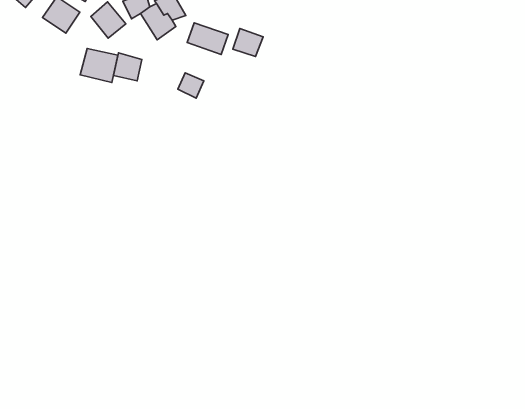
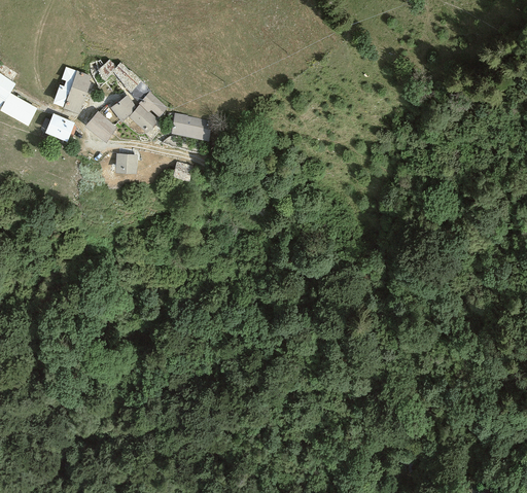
building: [233,28,263,57] -> none
building: [80,49,118,83] -> none

